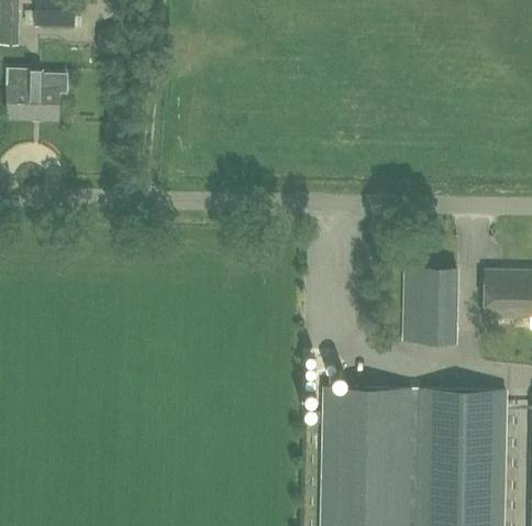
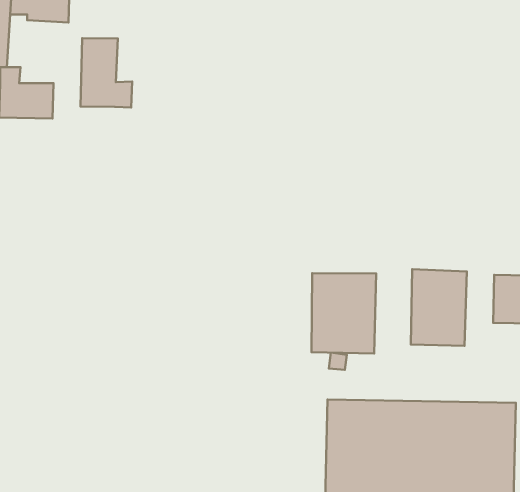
building: none -> [80,38,132,108]
building: none -> [311,273,376,353]

